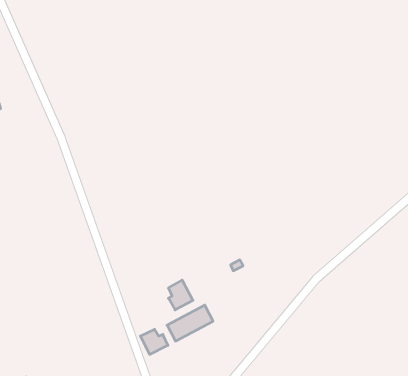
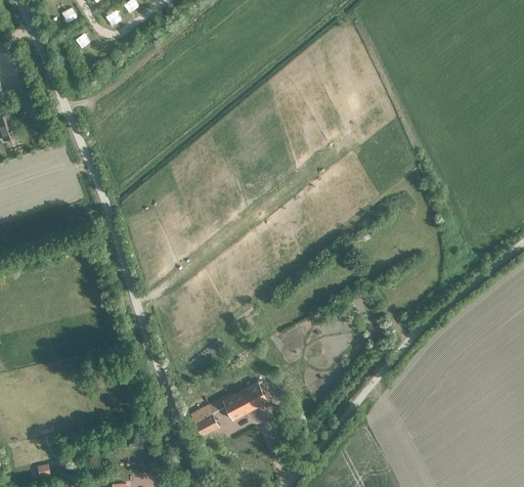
building: [168,280,193,310] -> none

